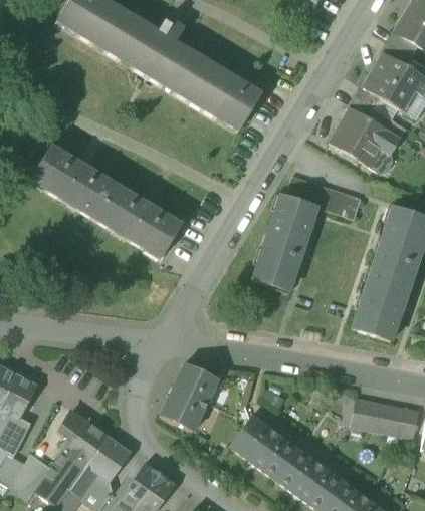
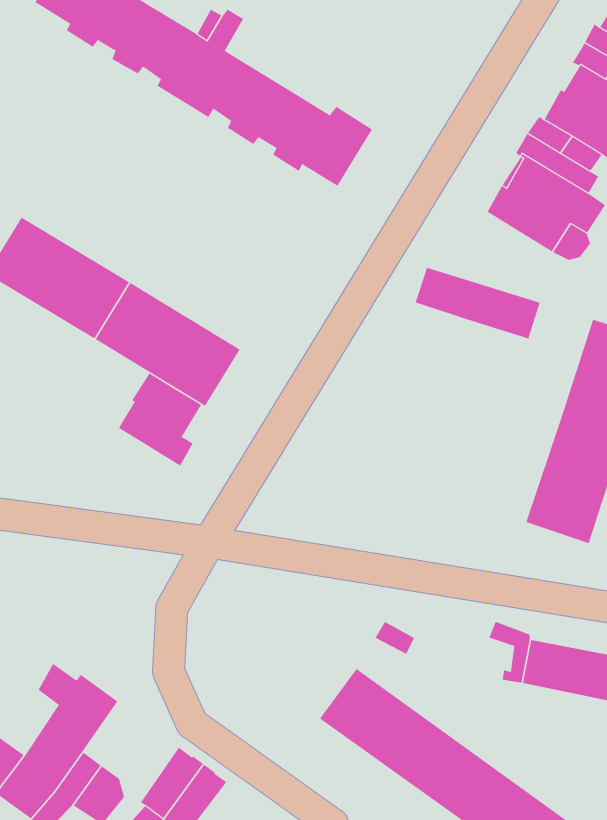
building: [252,195,316,291] -> none
building: none -> [118,373,202,466]
building: [160,362,218,431] -> none
building: [87,436,132,482] -> none

